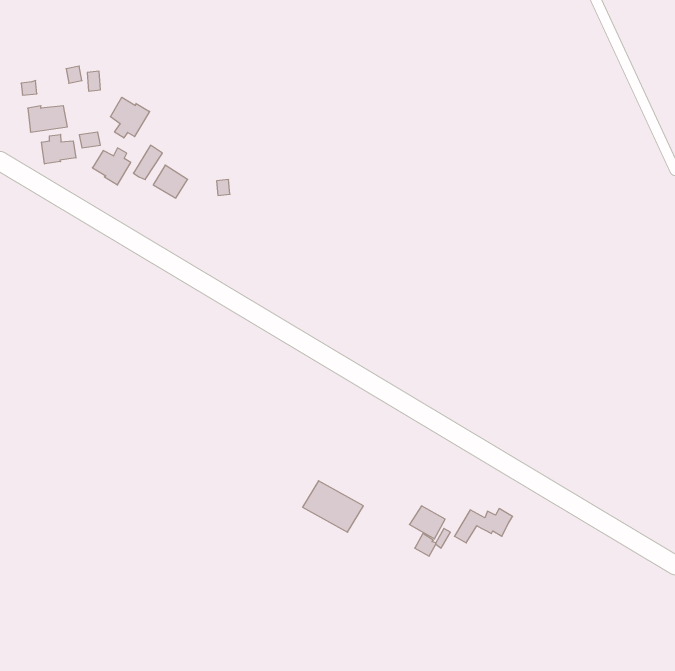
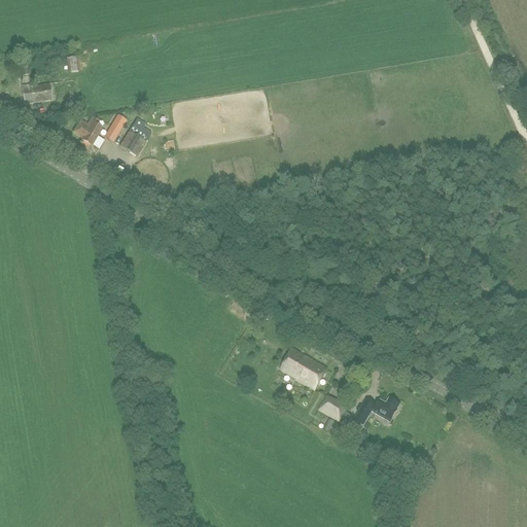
building: [110,97,150,138] -> none
building: [42,134,76,164] -> none
building: [303,481,363,532] -> [280,347,327,387]

